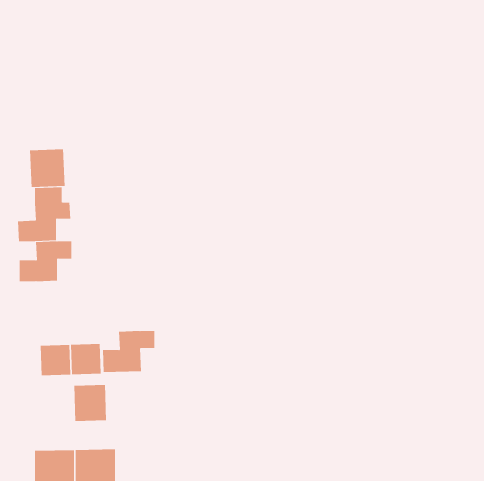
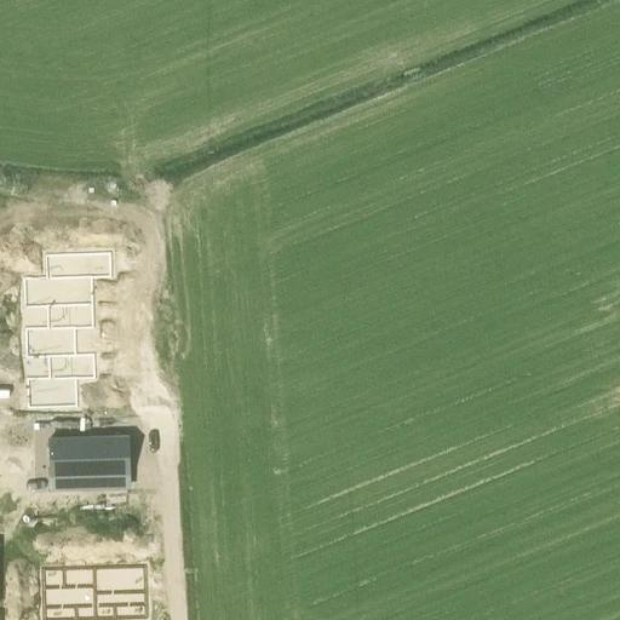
building: [30,148,65,188] -> none
building: [102,331,155,372] -> [27,363,94,417]
building: [74,384,107,422] -> none

